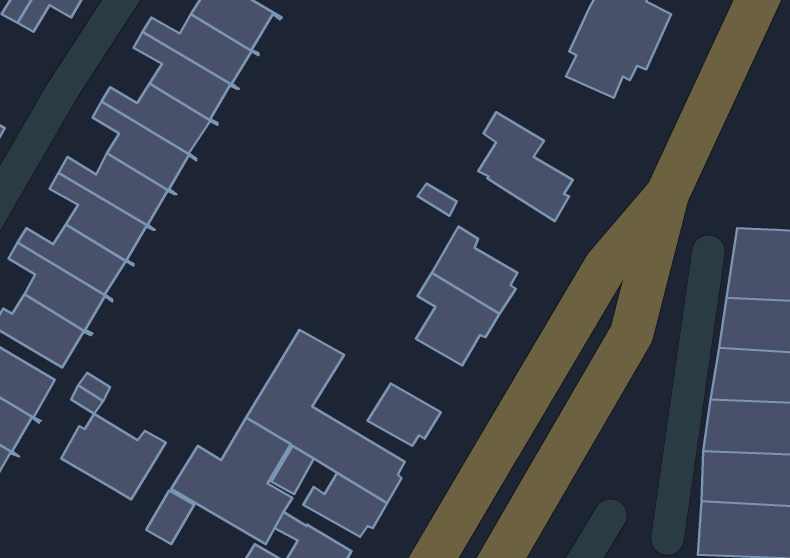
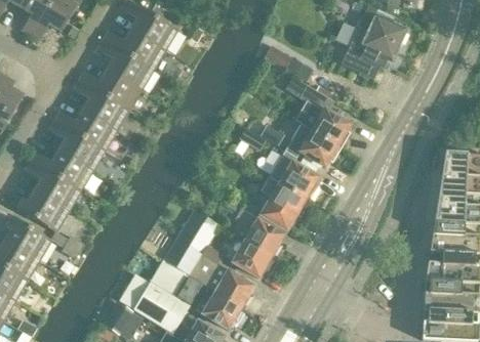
building: none -> [283,123,338,167]
building: none -> [235,205,282,257]
building: [61,414,166,499] -> none

